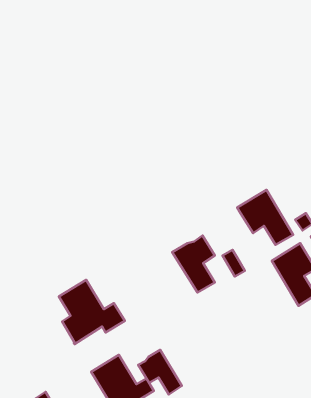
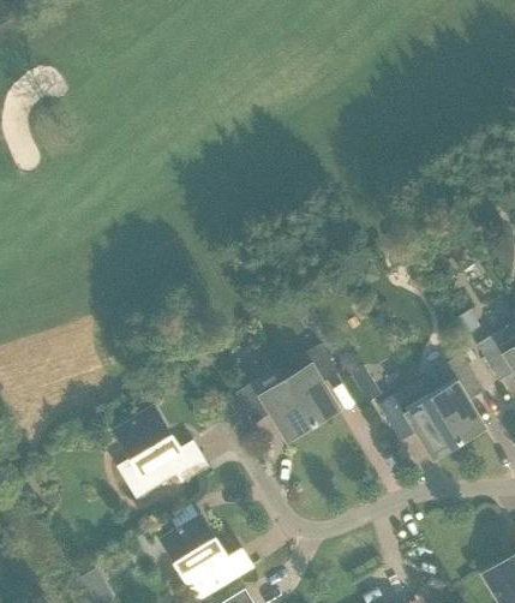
building: [237,190,293,245] -> [379,381,460,460]
building: none -> [238,369,315,442]
building: [138,350,182,395] -> none

